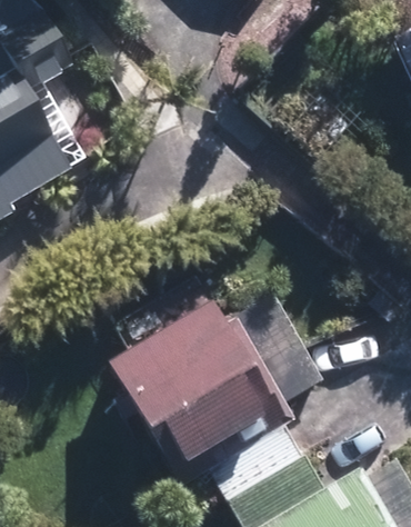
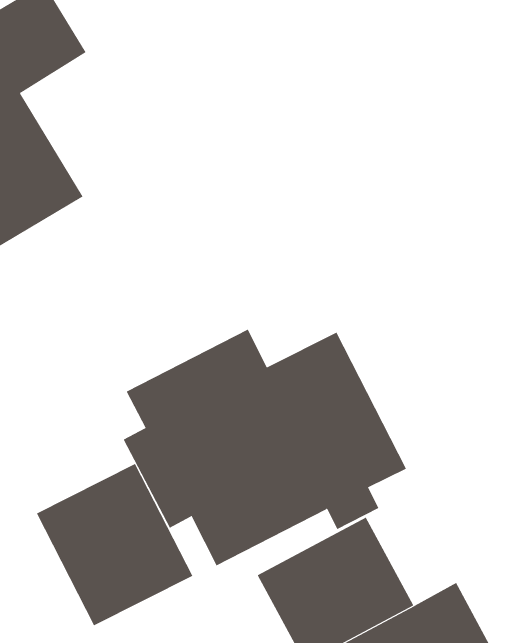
building: none -> [36,463,193,626]

